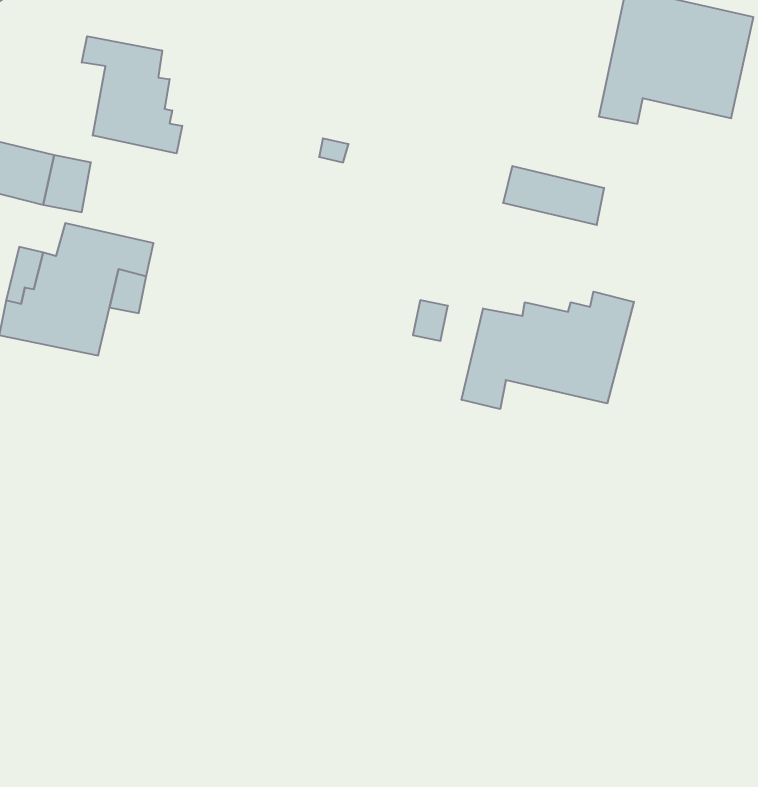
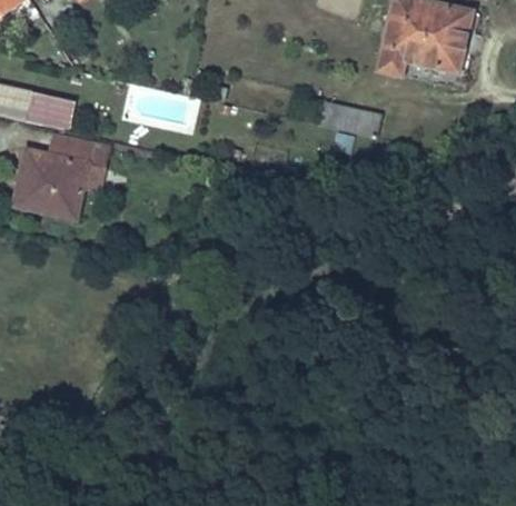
building: [82,36,182,153] -> none
building: [462,292,634,409] -> none

